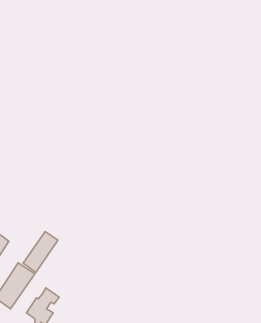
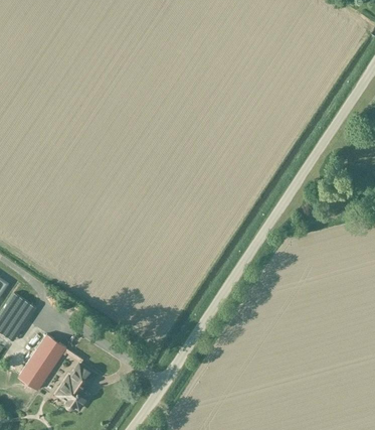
building: [23,232,58,272] -> none

